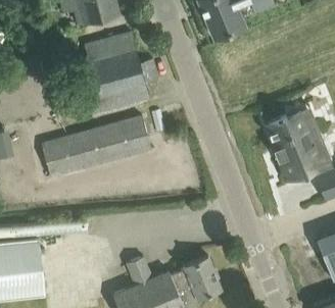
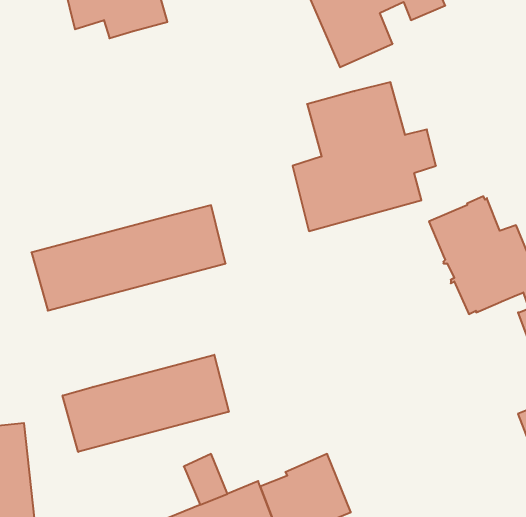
building: [77,34,157,117] -> [293,82,436,231]
building: none -> [63,355,229,452]

